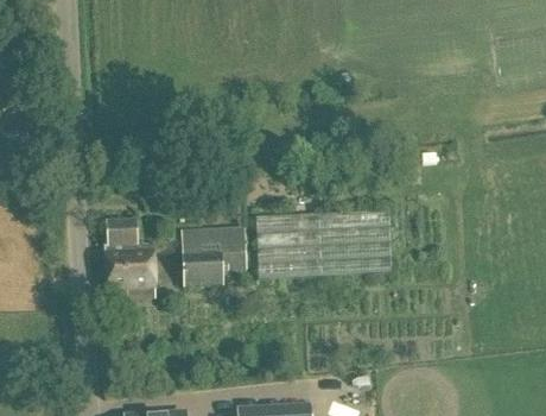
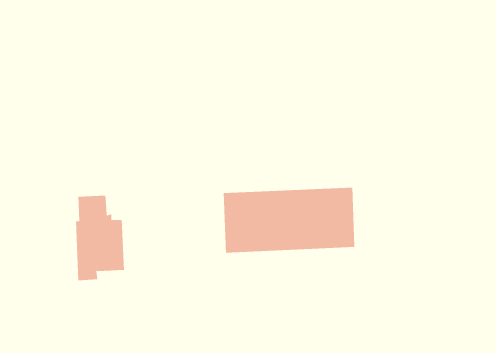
building: [182,227,247,285] -> none

